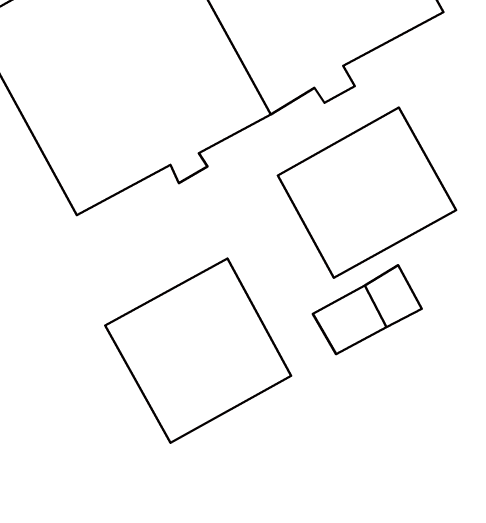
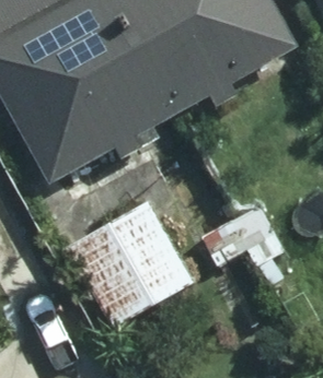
building: [278,107,456,278] -> none

